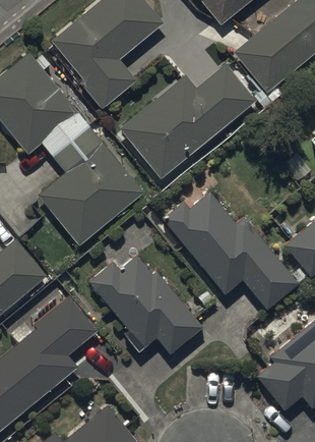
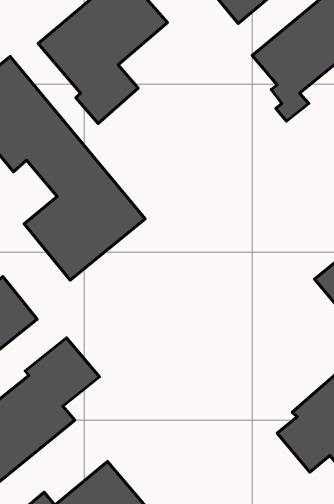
building: [121,66,255,182] -> none
building: [164,191,299,309] -> none
building: [88,255,201,351] -> none

